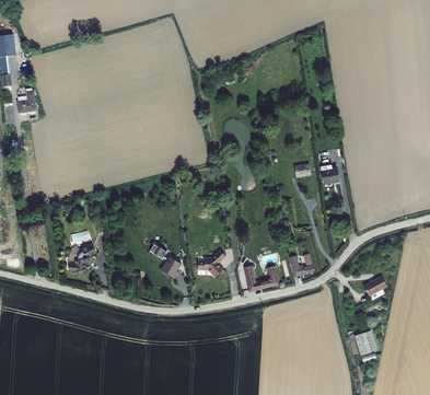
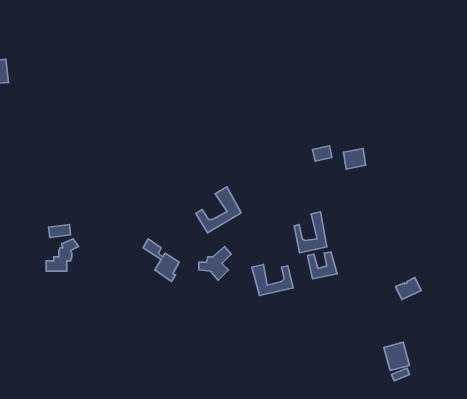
building: none -> [196,187,241,233]
building: none -> [294,212,327,253]

